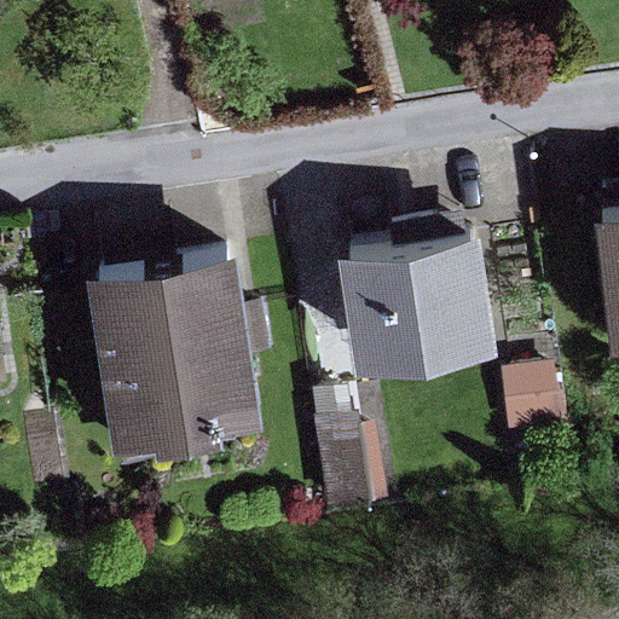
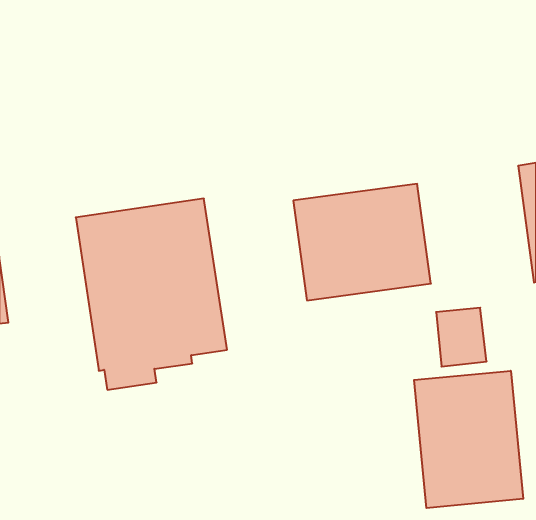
building: [312,421,387,514] -> none
building: none -> [414,371,523,508]

